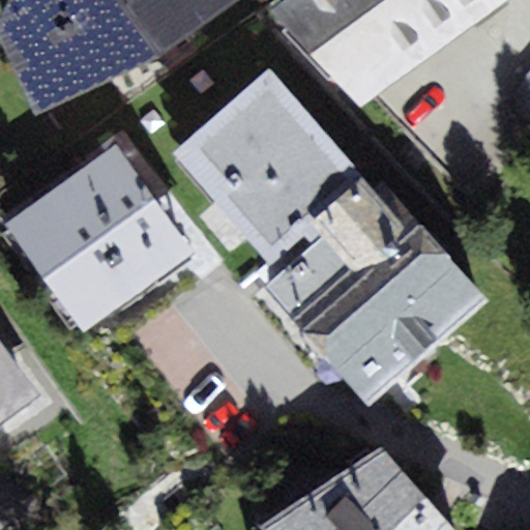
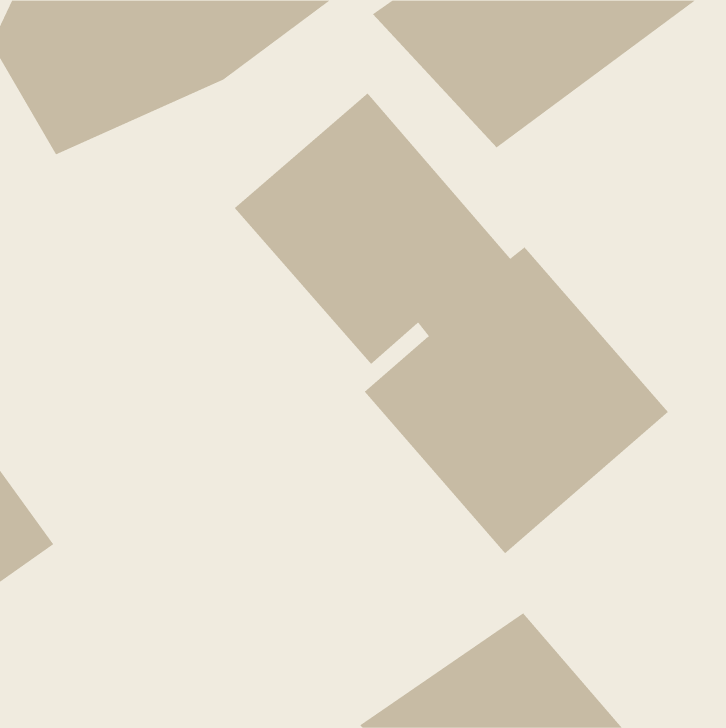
building: [5,146,193,332] -> none

